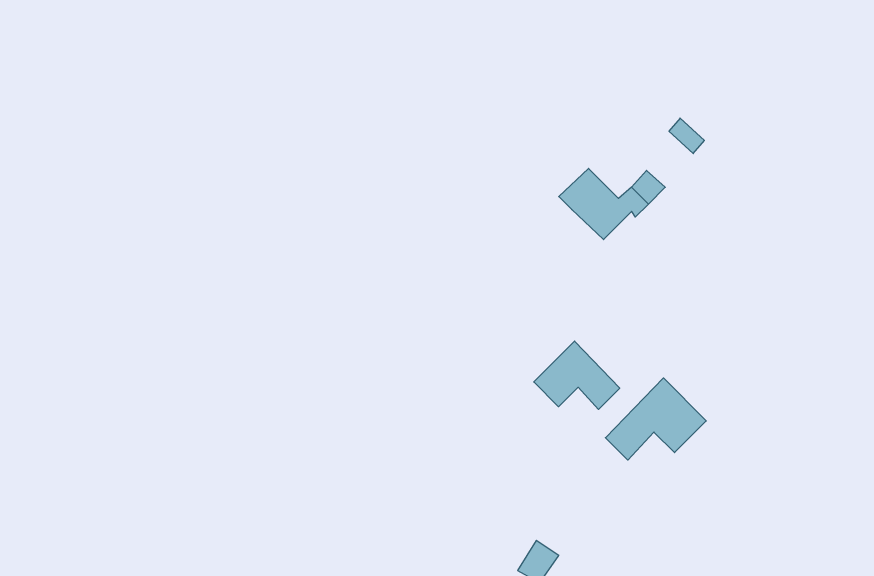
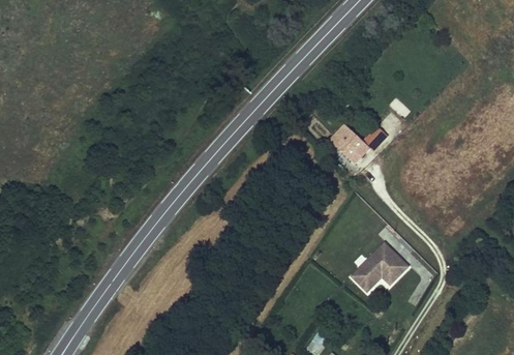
building: [534,341,620,409] -> none

